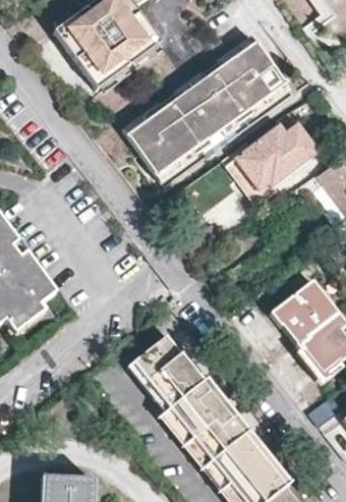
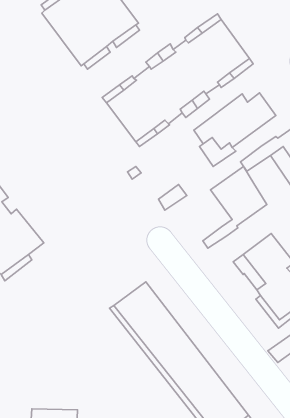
building: none -> [203,166,267,248]

